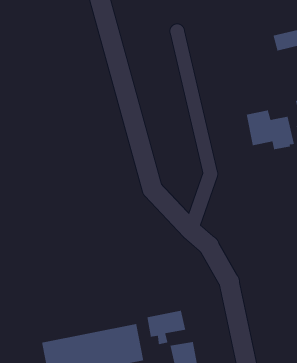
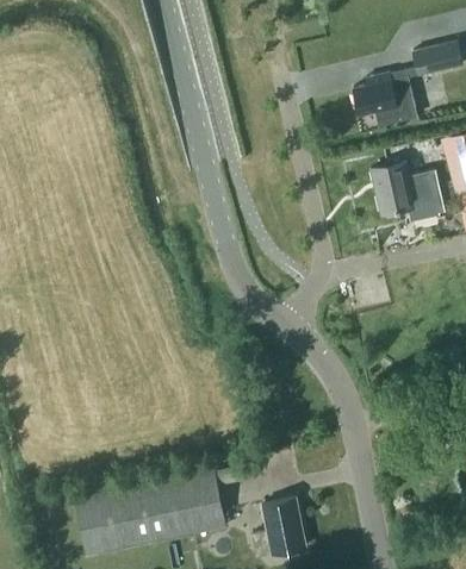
building: none -> [353,74,417,126]
building: [146,310,186,345] -> none

